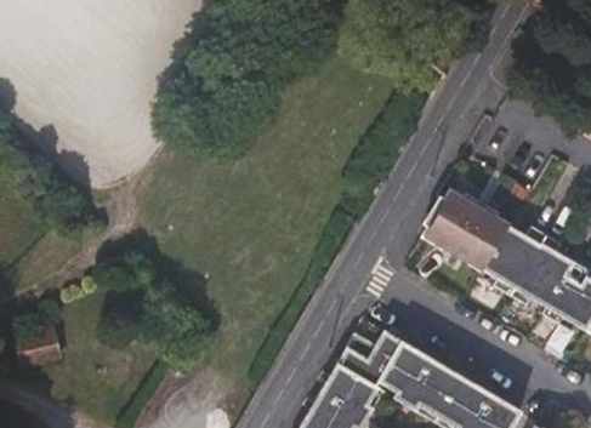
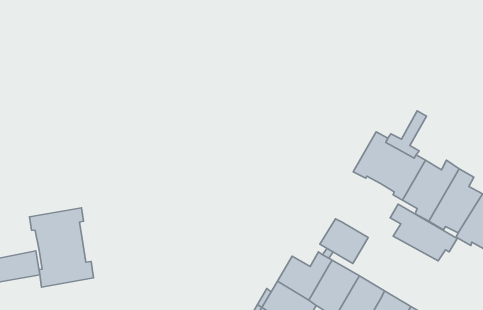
building: none -> [390,204,457,261]
building: none -> [29,208,94,287]
building: none -> [320,219,368,263]

